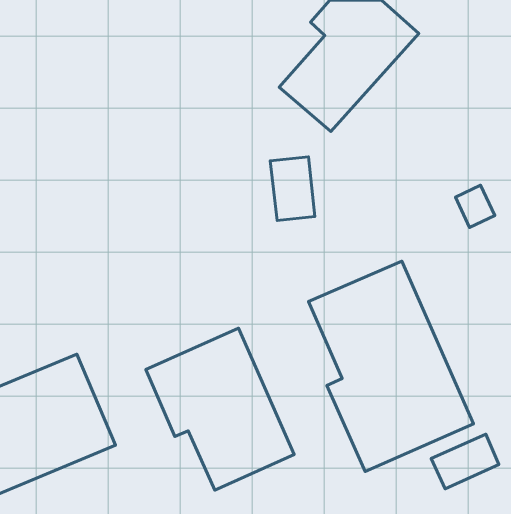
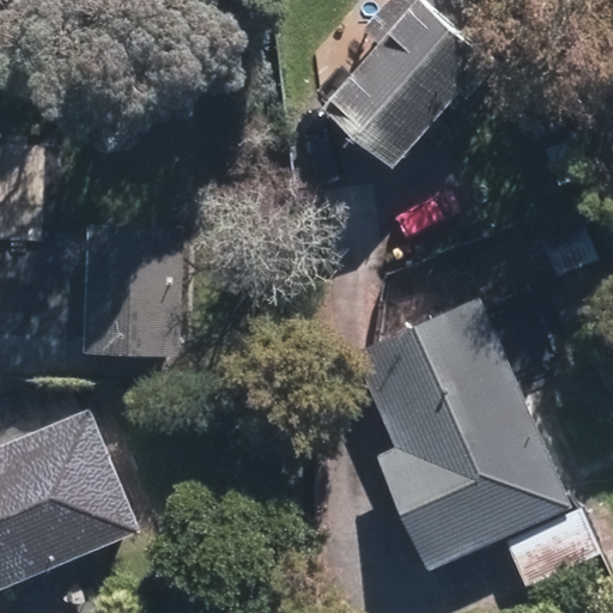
building: none -> [89,235,182,358]
building: [146,328,294,490] -> none

